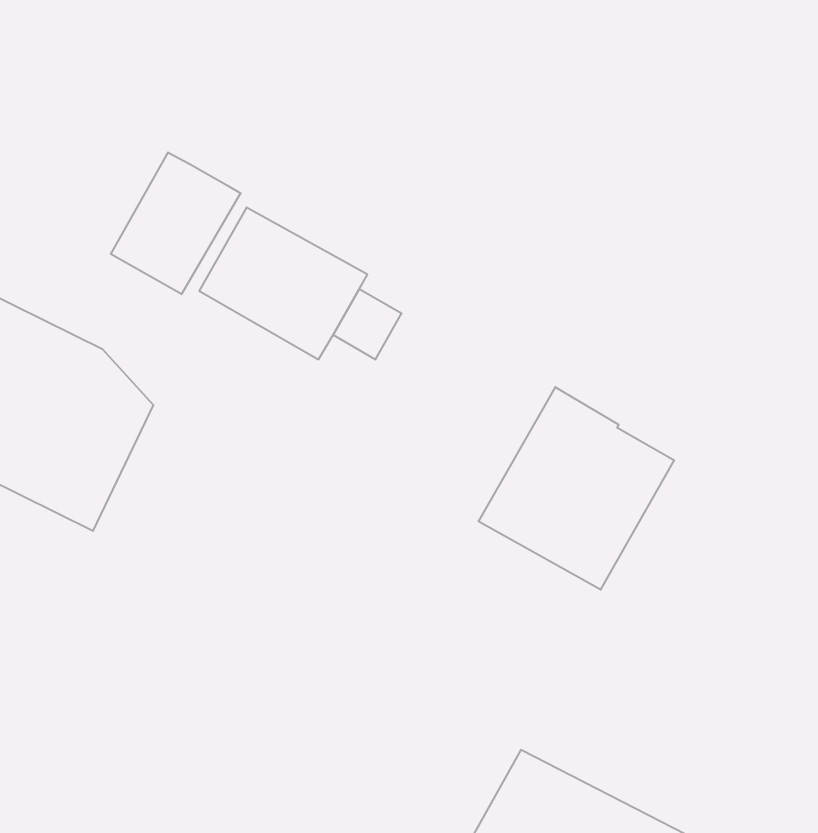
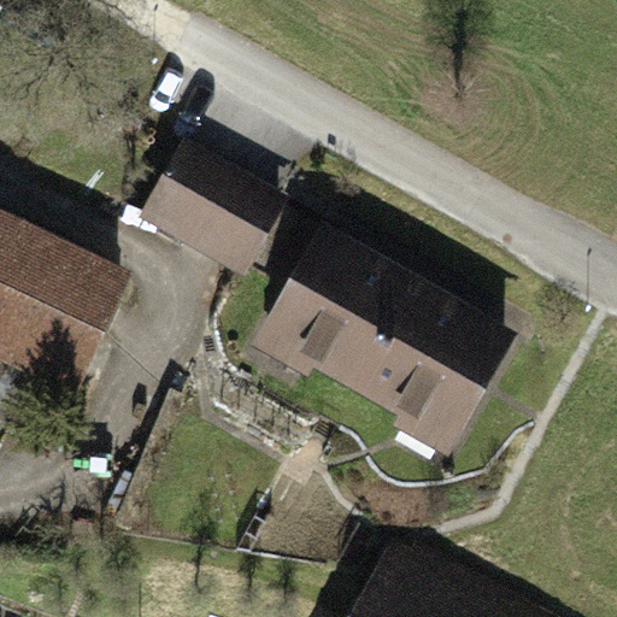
building: [111,152,241,294] -> none
building: none -> [264,239,410,386]

